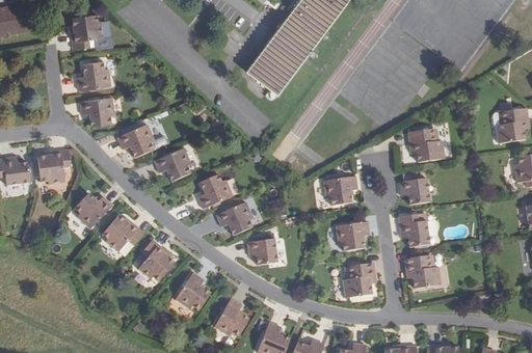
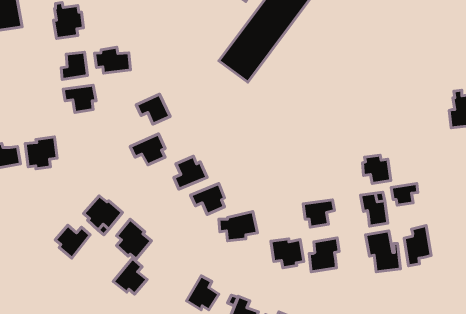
building: none -> [95,47,131,73]
building: [407,127,445,161] -> none
building: [117,128,154,160] -> [136,94,170,124]
building: [324,173,357,205] -> none
building: [76,198,113,234] -> [55,225,90,258]
building: none -> [391,183,418,205]
building: none -> [404,226,431,266]
building: none -> [271,239,304,268]
building: [170,272,207,310] -> [113,258,147,294]

